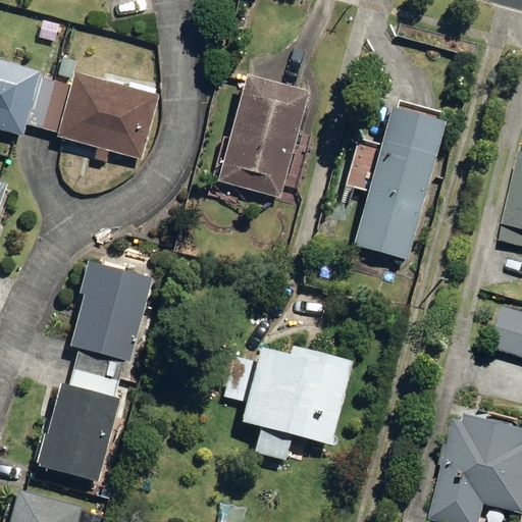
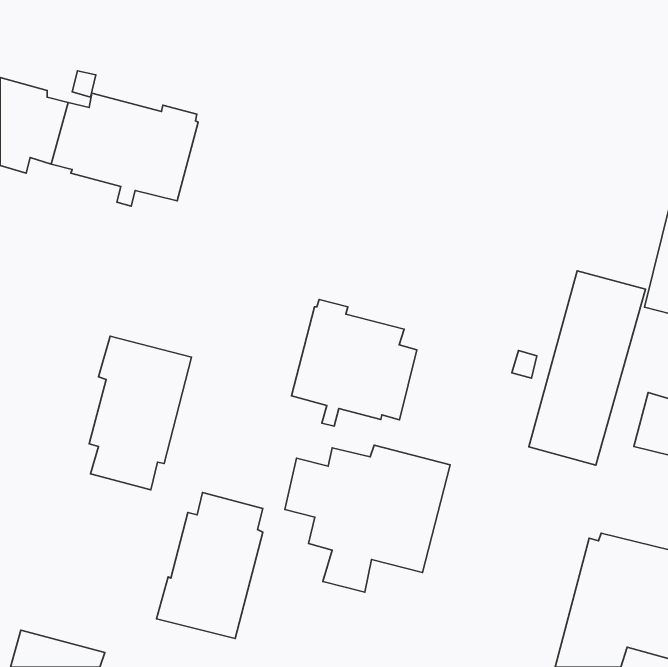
building: [218,74,308,197] -> none
building: [355,107,446,258] -> [529,271,646,465]
building: none -> [292,300,417,426]
building: [37,368,119,481] -> [156,493,263,638]

